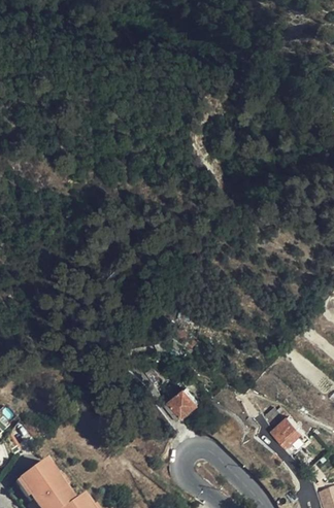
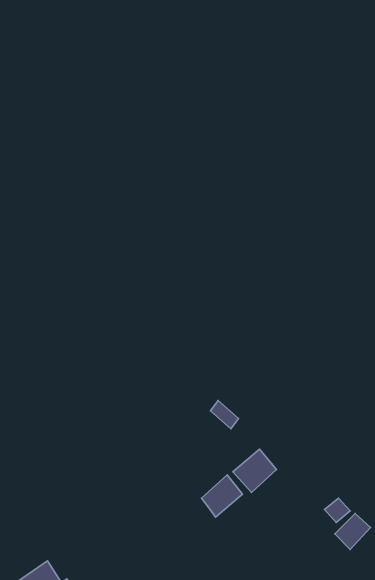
building: none -> [233,449,276,492]

